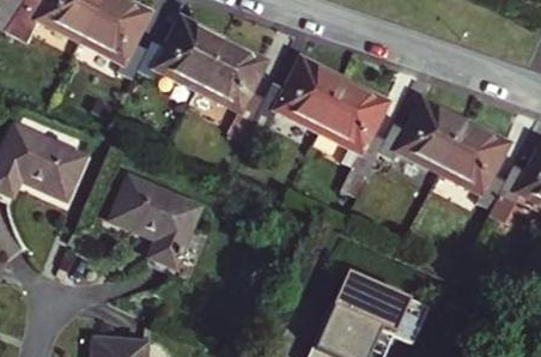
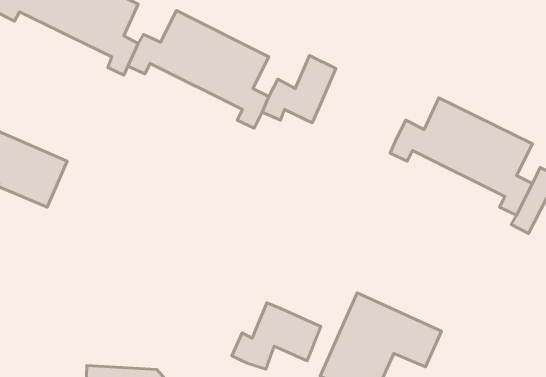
building: [305,73,382,165] -> none
building: [110,176,197,265] -> none
building: none -> [232,303,321,369]

